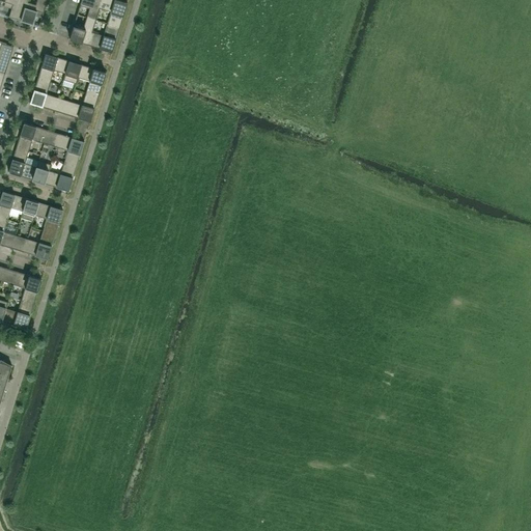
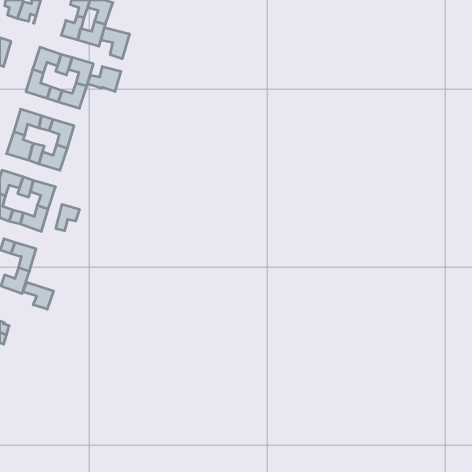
building: none -> [101,27,129,59]
building: none -> [88,66,121,92]
building: none -> [56,204,79,231]
building: none -> [23,282,53,309]

